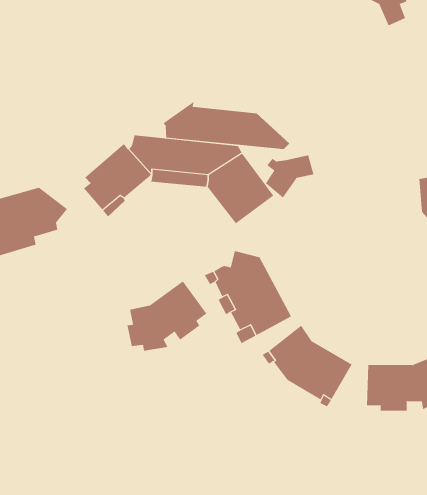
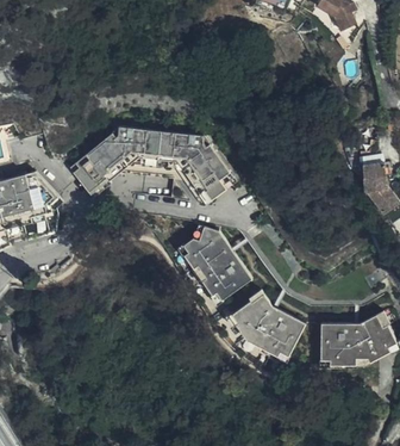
building: [163,101,290,150] -> none
building: [265,154,314,199] -> none
building: [127,281,207,352] -> none

